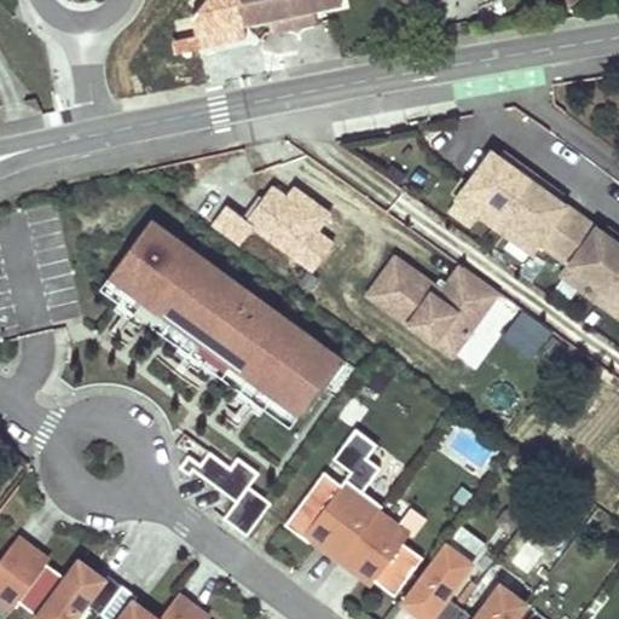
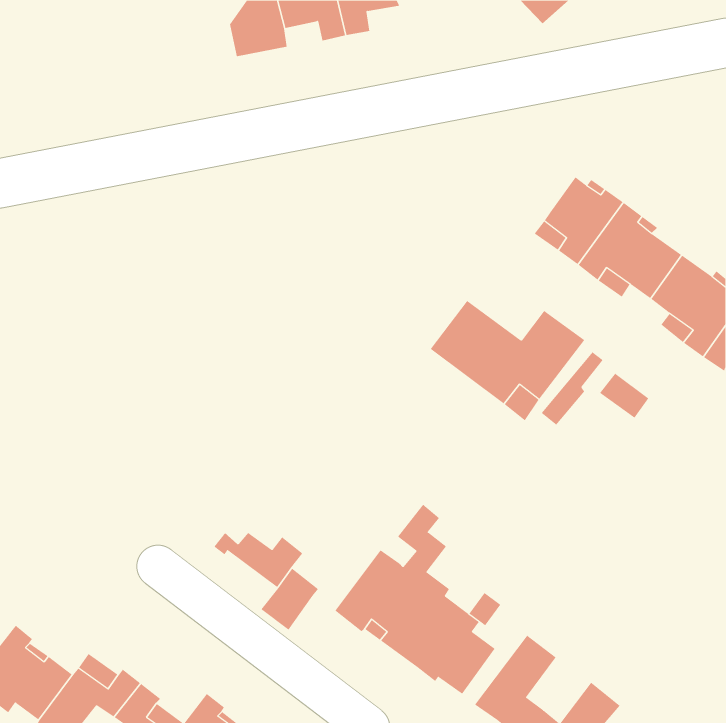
building: [209,186,334,273] -> none
building: [106,214,343,415] -> none

